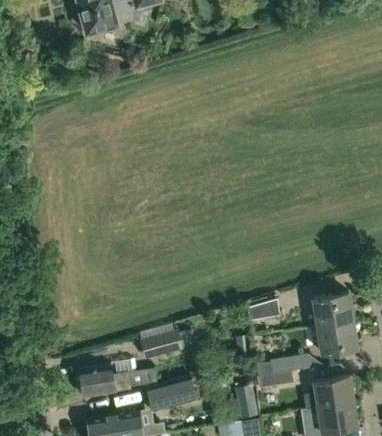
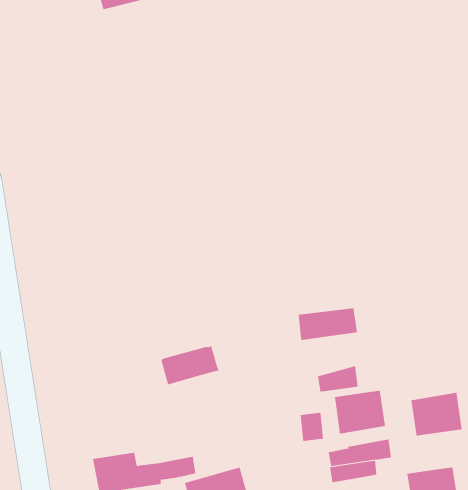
building: none -> [298,308,358,341]
building: [314,293,353,326] -> [334,390,386,434]
building: [140,329,184,359] -> [161,345,220,385]

